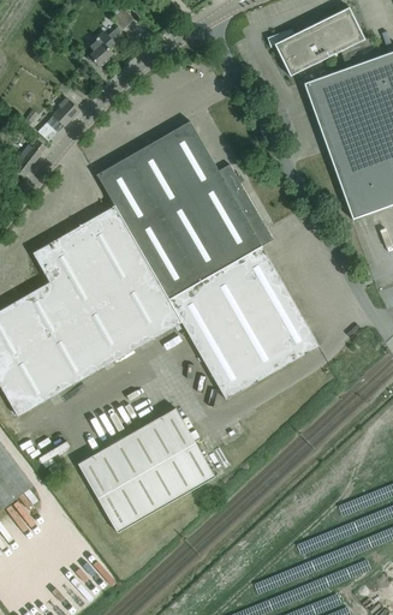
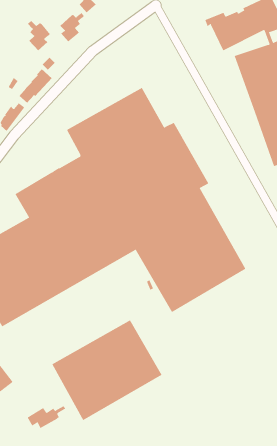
building: none -> [27,20,51,51]
building: none -> [27,405,66,429]

